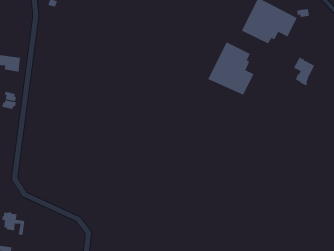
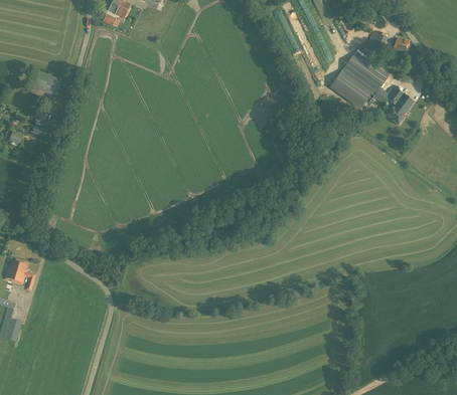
building: [208,41,254,96] -> none
building: [293,57,315,86] -> [388,87,414,123]

